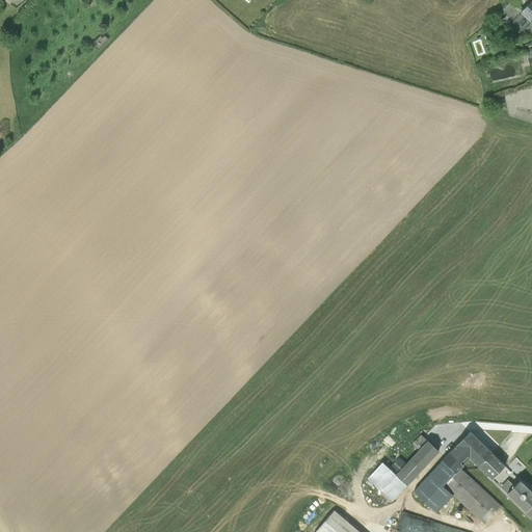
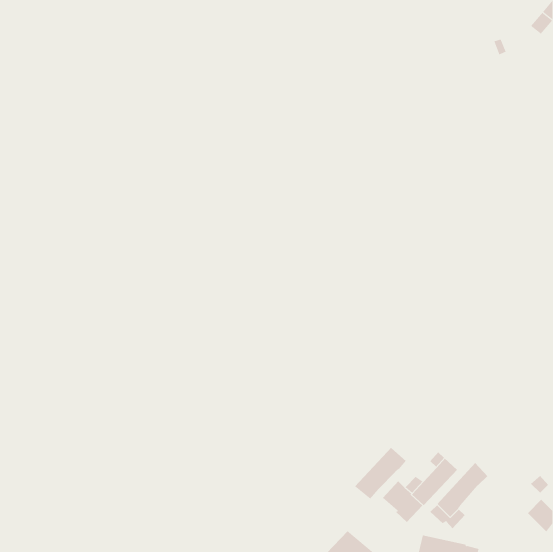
building: none -> [354,447,407,500]
building: [456,431,505,480] -> none
building: [443,468,501,524] -> none

